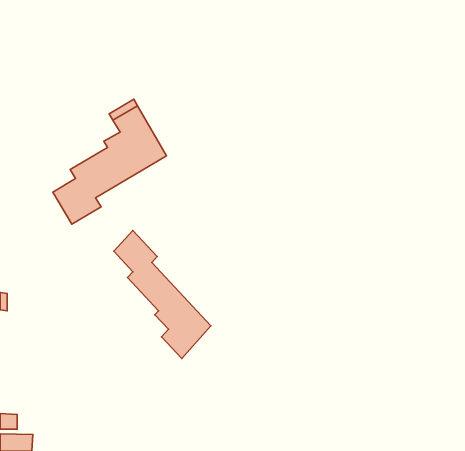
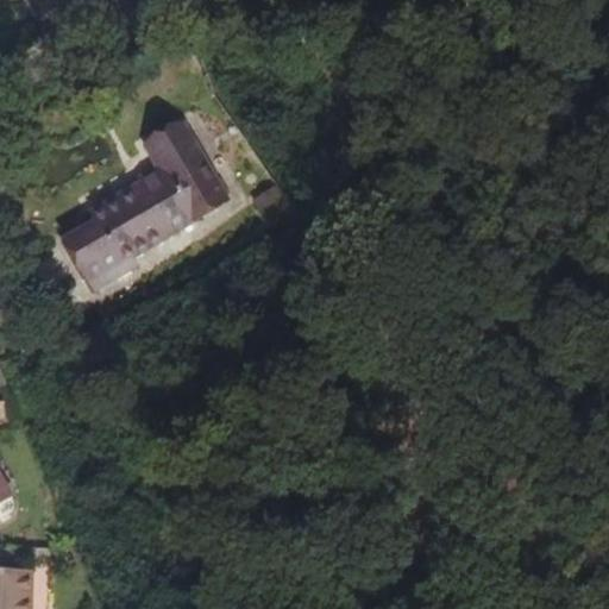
building: [114,230,211,359] -> none

